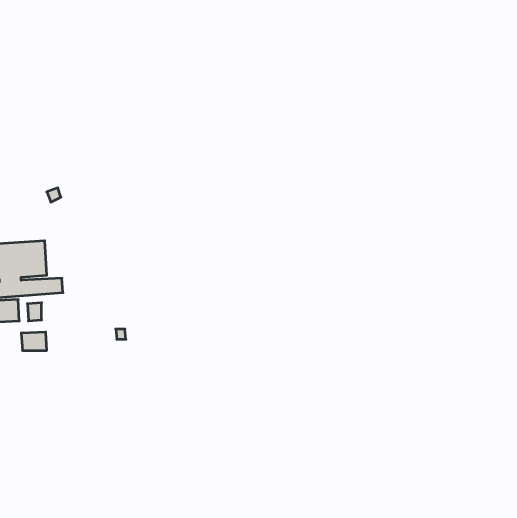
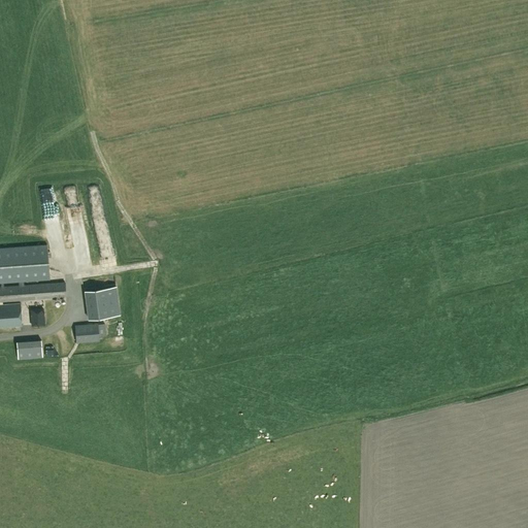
building: none -> [81,288,119,321]
building: none -> [73,325,97,344]

